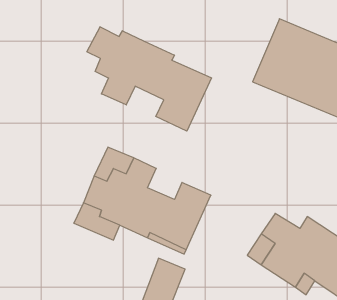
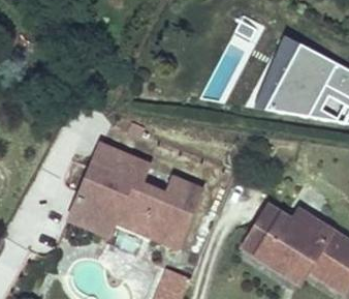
building: [87,27,212,131] -> none

